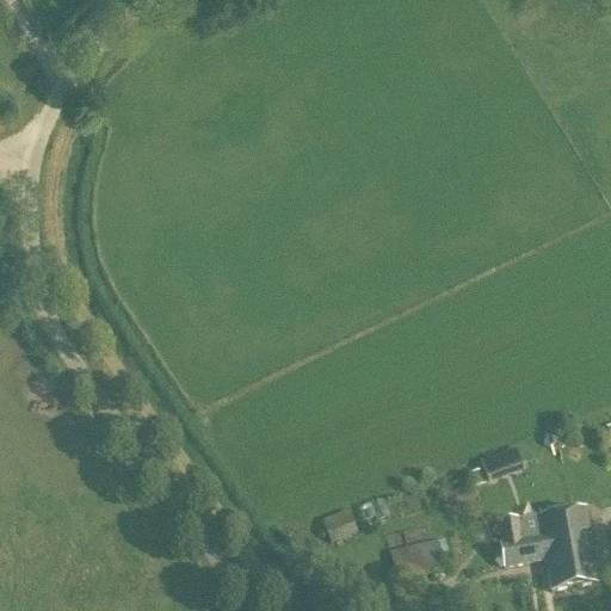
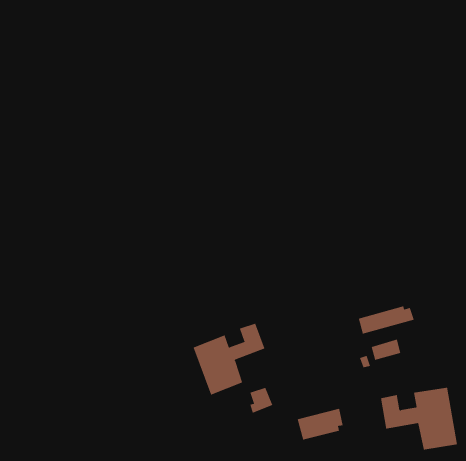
building: none -> [358,305,415,335]
building: none -> [193,323,265,395]

